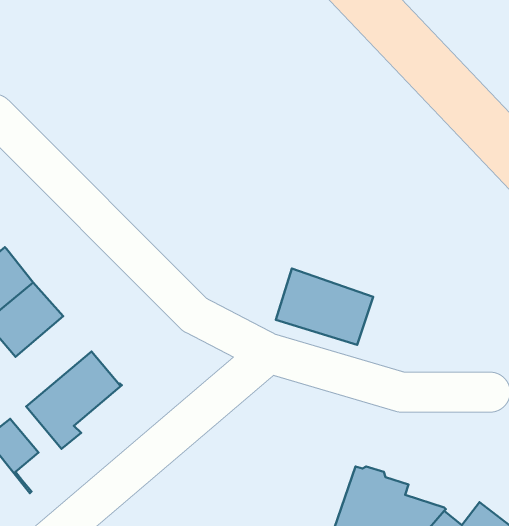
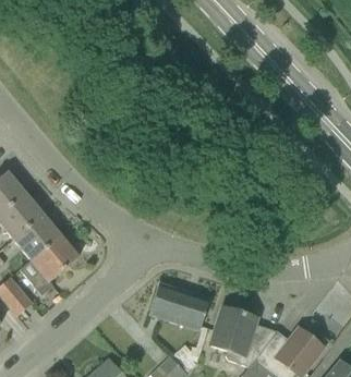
building: [276,269,373,345] -> [148,282,208,329]
building: none -> [13,214,60,269]

